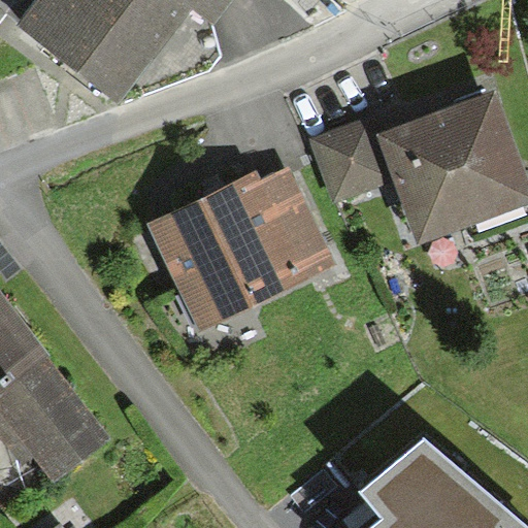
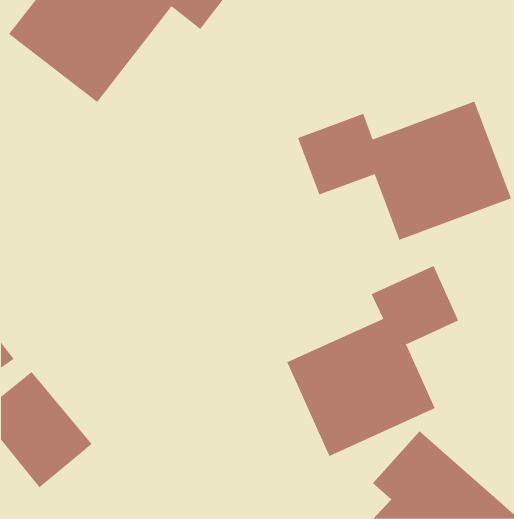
building: [151,165,331,326] -> none
building: none -> [287,265,459,457]

